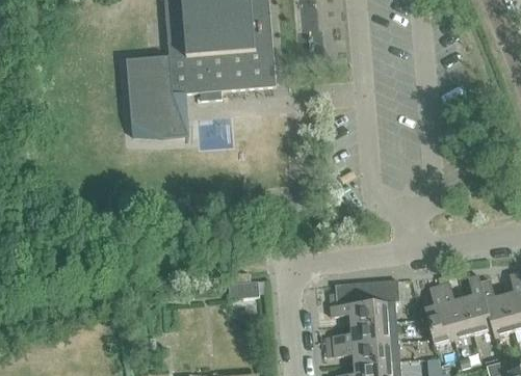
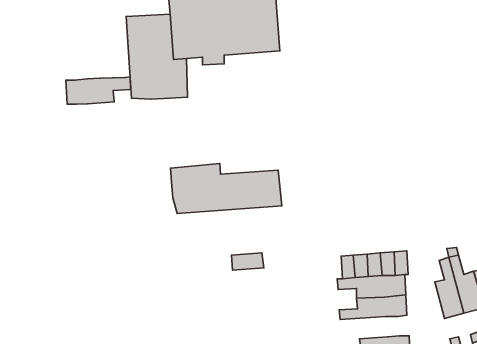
building: none -> [66,77,130,104]
building: none -> [170,163,282,213]
building: [334,342,400,365] -> none

